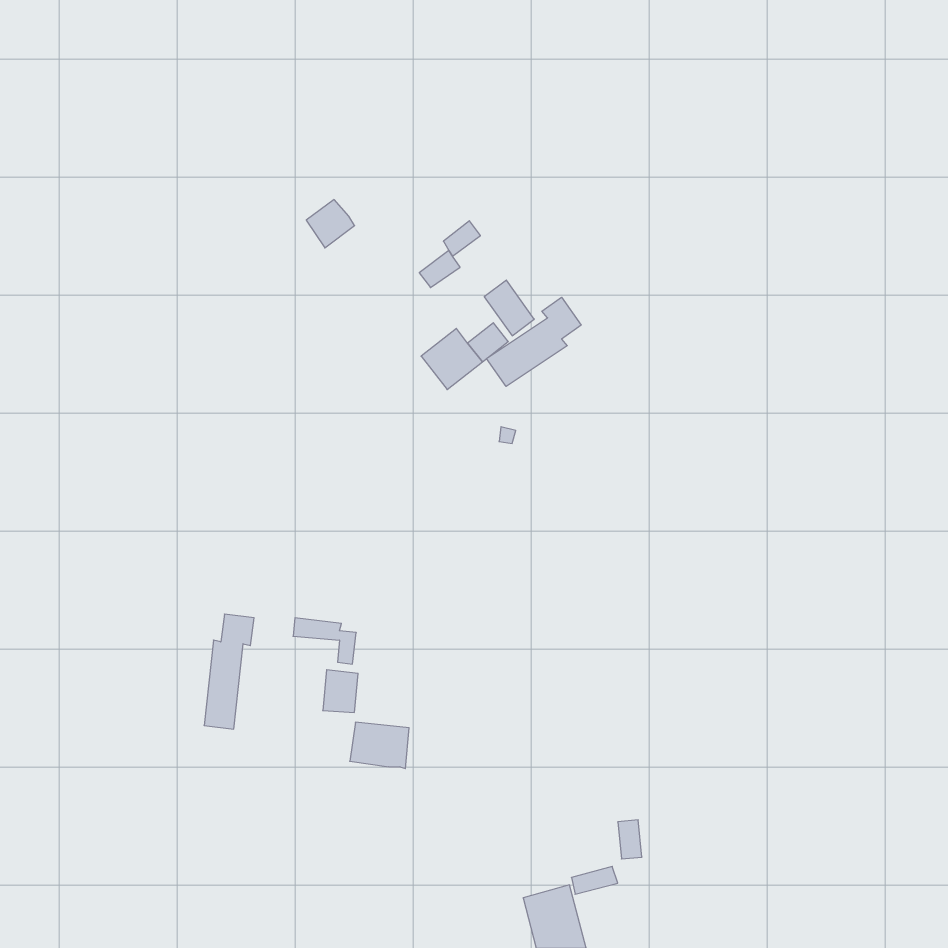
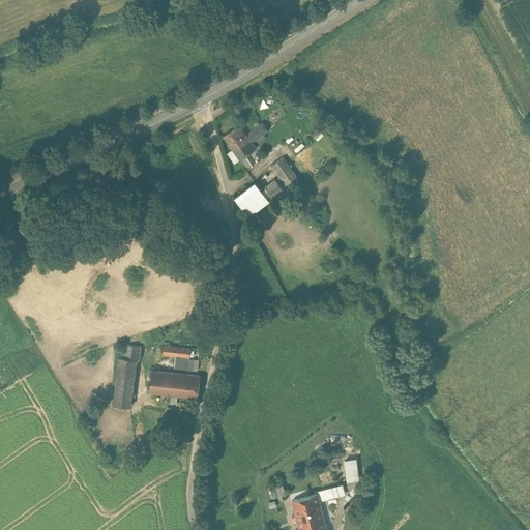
building: [306,200,355,248] -> [224,125,251,152]
building: [487,297,581,386] -> none
building: [350,722,409,769] -> [149,371,182,396]

